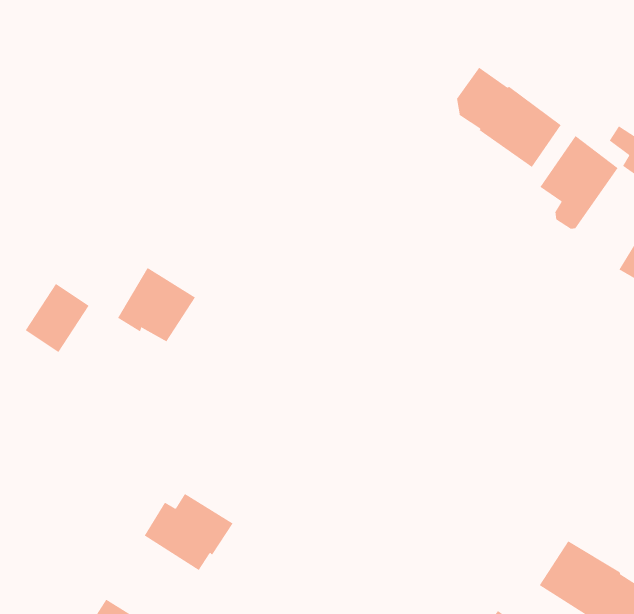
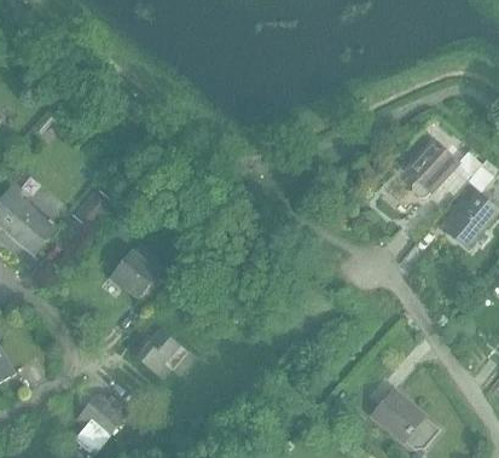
building: [456,67,561,168] -> none
building: [117,267,196,342] -> [108,249,158,297]

